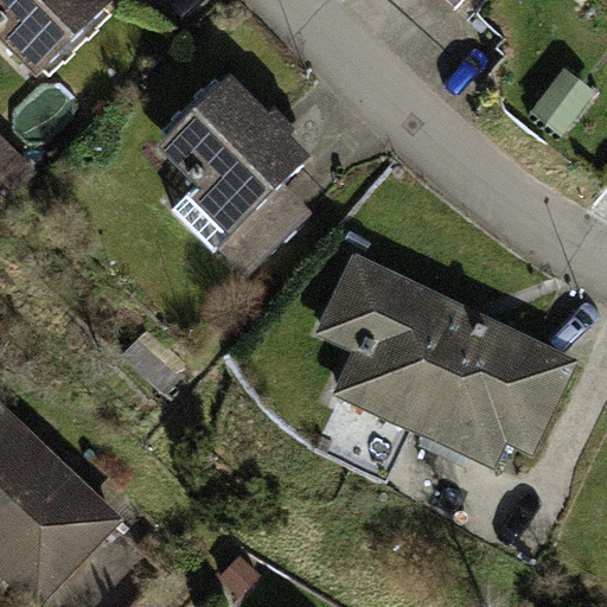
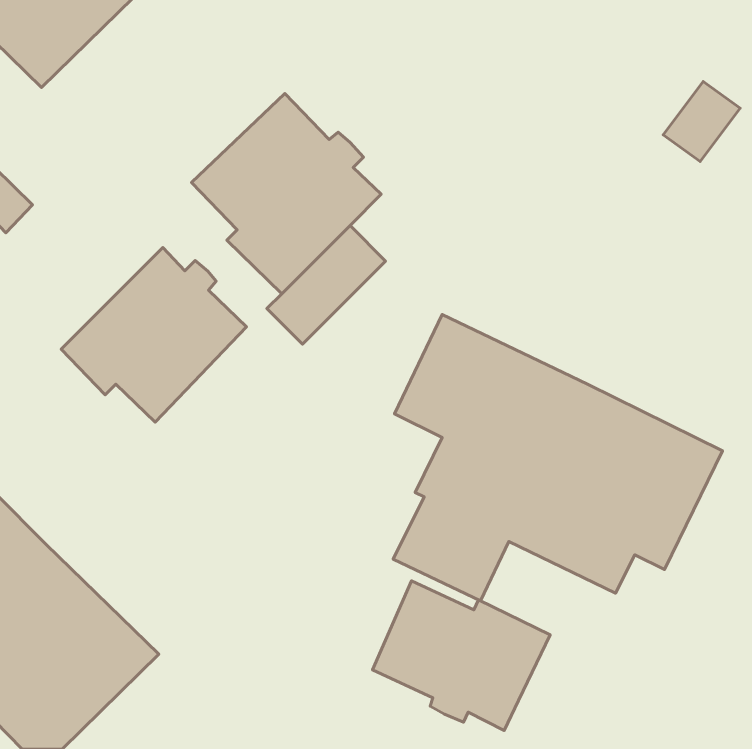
building: none -> [61,248,247,422]
building: none -> [372,581,550,730]

